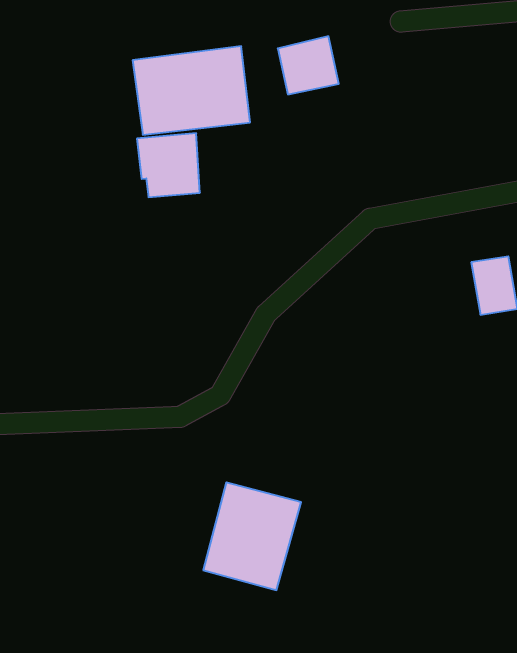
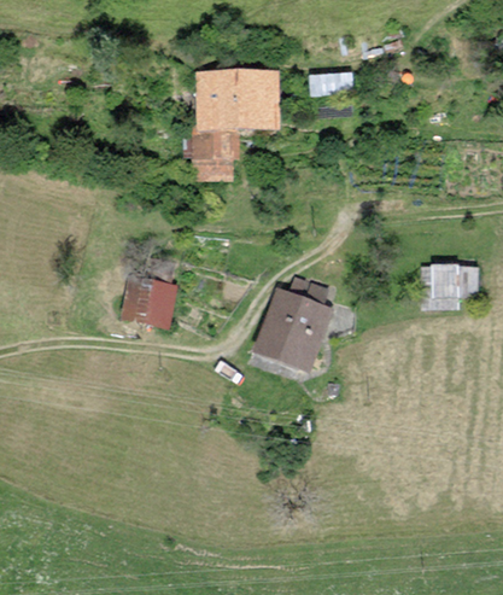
building: none -> [121,276,175,325]
building: [203,482,301,590] -> [252,285,333,372]

